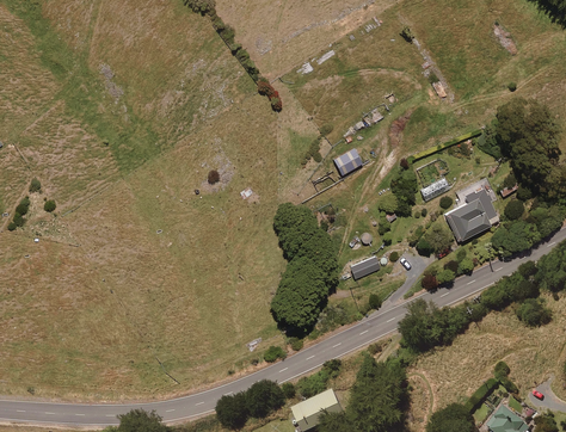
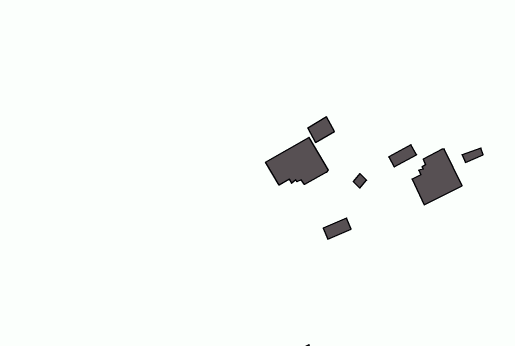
building: none -> [266,137,328,185]

